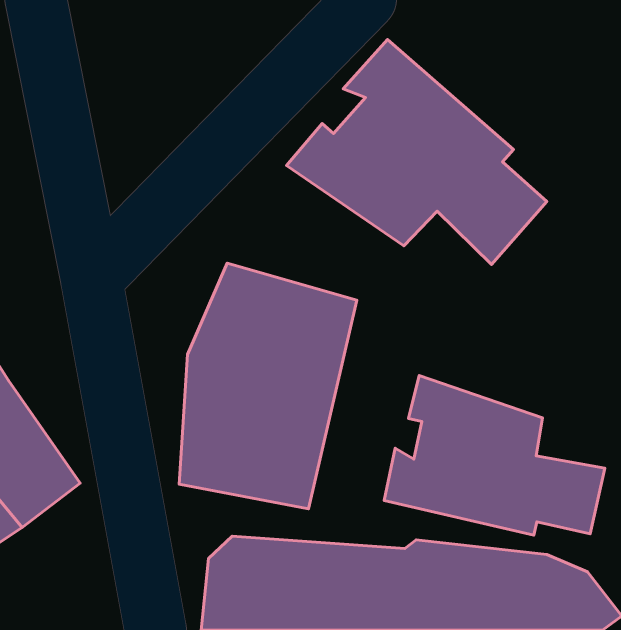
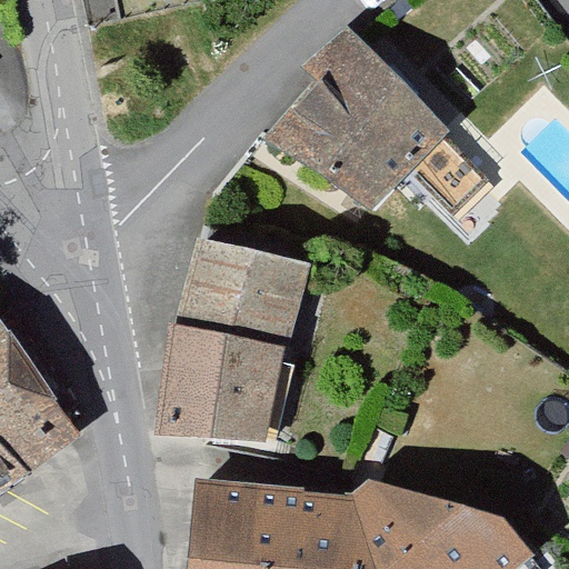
building: [384,376,605,535] -> none

